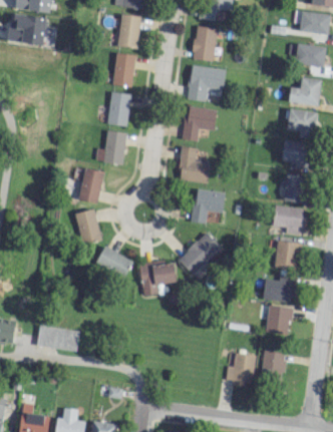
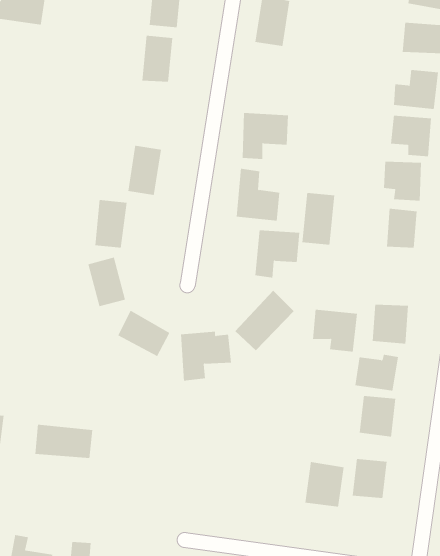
building: [189,65,226,101] -> none
building: [108,92,130,126] -> none
building: none -> [302,192,335,246]
building: [274,205,306,236] -> [312,309,358,352]

